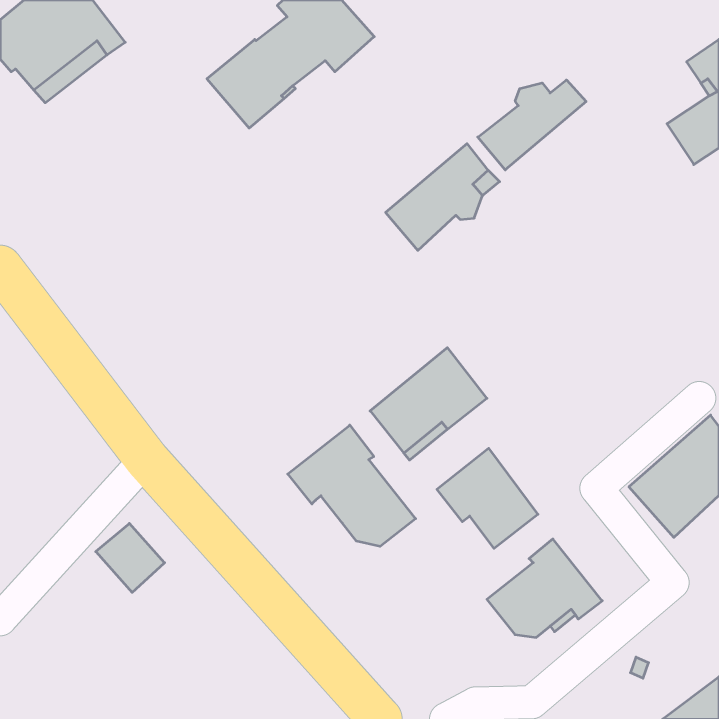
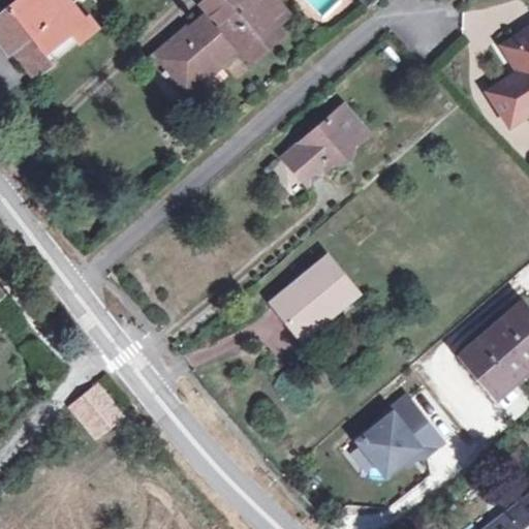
building: [478,80,586,170] -> none
building: [288,425,416,546] -> none
building: [437,448,538,548] -> none

